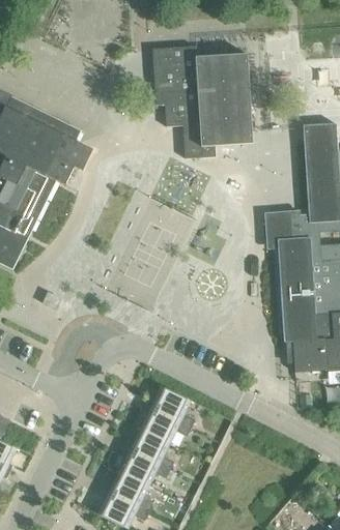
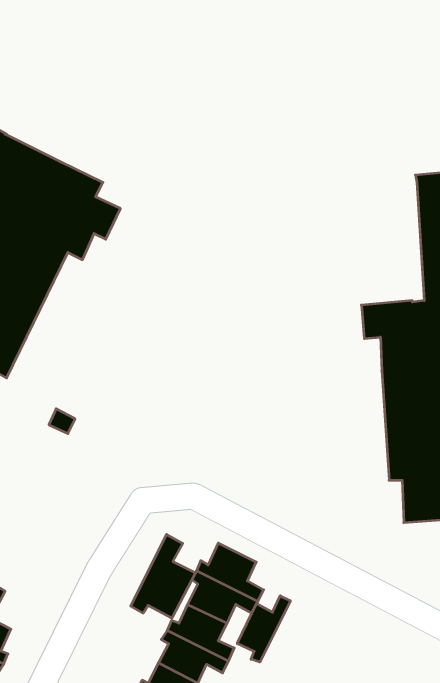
building: [152,46,253,158] -> none
building: none -> [131,534,195,618]
building: none -> [237,596,290,662]

